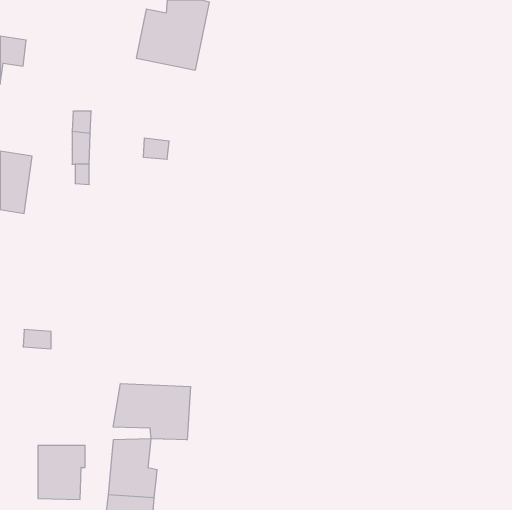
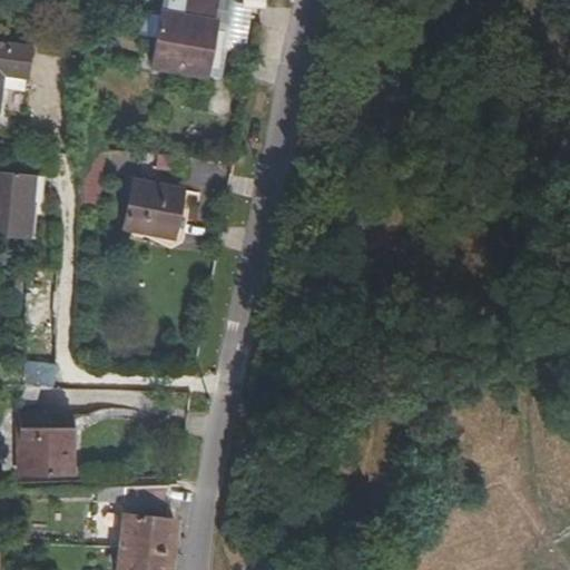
building: none -> [124,183,183,239]
building: [113,384,191,440] -> none
building: [38,445,85,499] -> [21,416,73,476]

